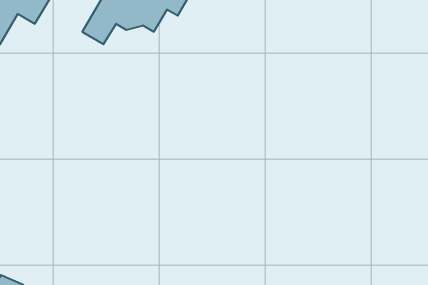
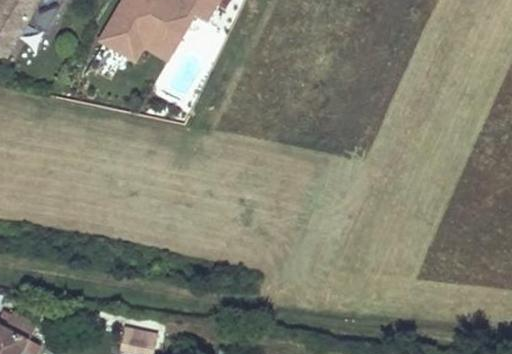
building: none -> [122,29,178,59]

